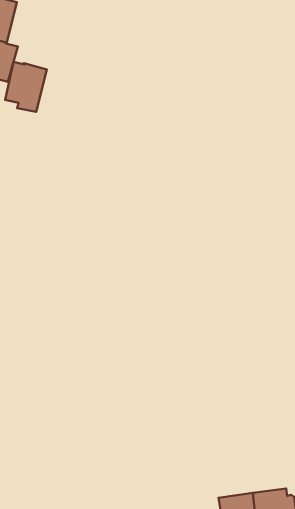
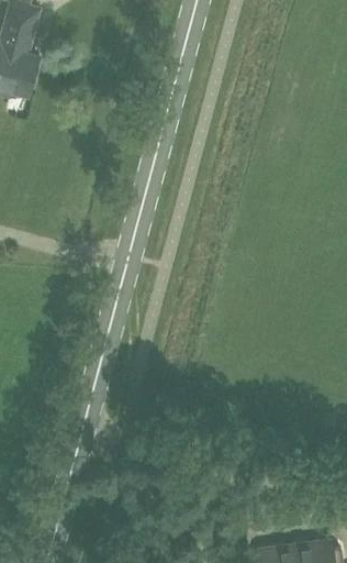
building: [5,62,47,112] -> none

